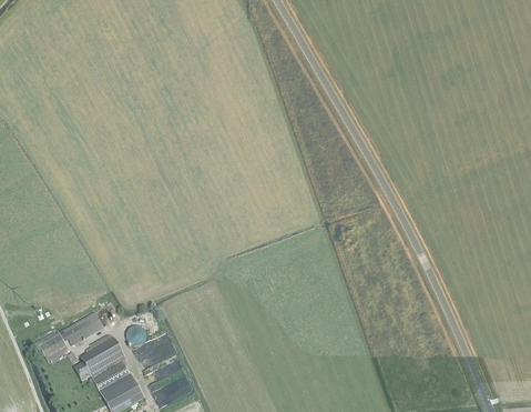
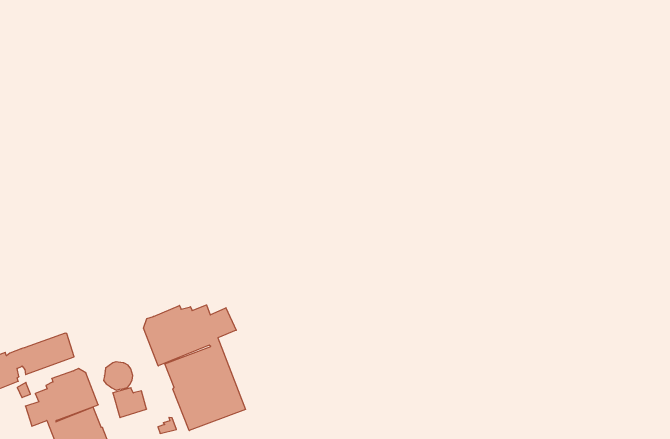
building: none -> [144,305,246,431]

